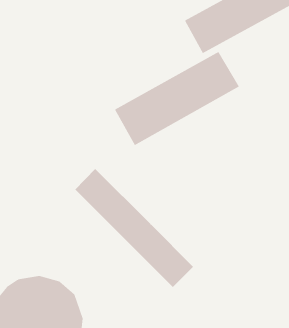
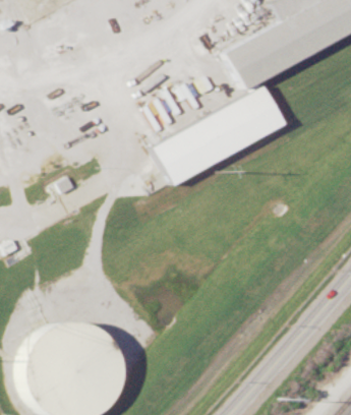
building: [74,168,194,288] -> none

